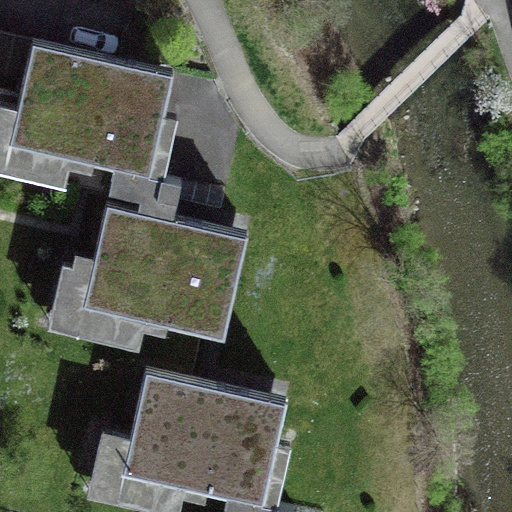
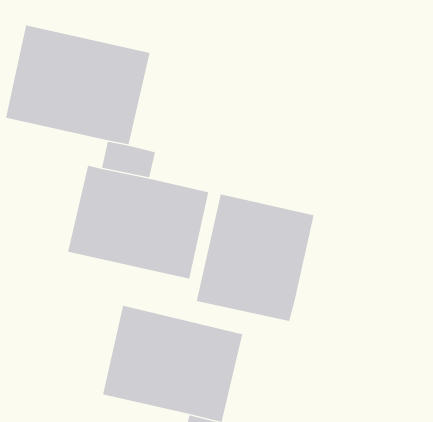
building: none -> [196,193,315,322]

